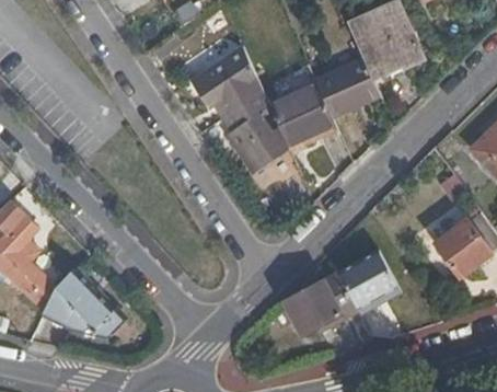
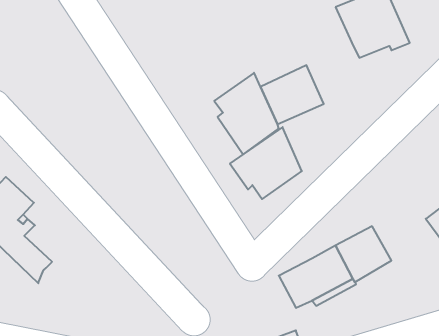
building: [187,48,261,122] -> [230,127,302,199]
building: [313,62,377,120] -> none
building: [39,268,120,332] -> none

